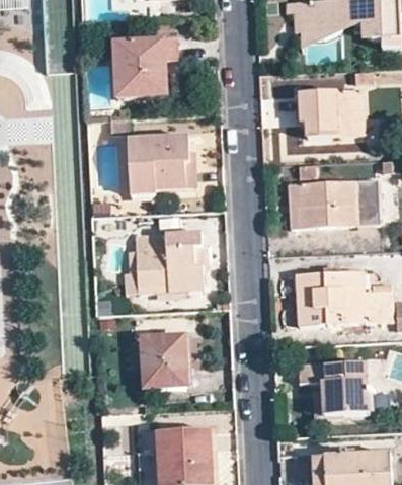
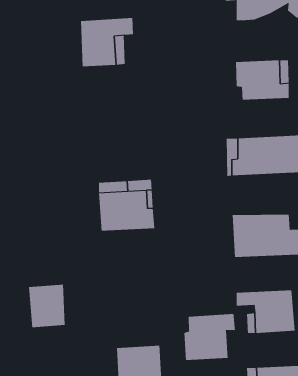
building: [129,135,197,193] -> none
building: [141,333,185,385] -> [28,284,66,328]
building: none -> [184,313,235,361]

